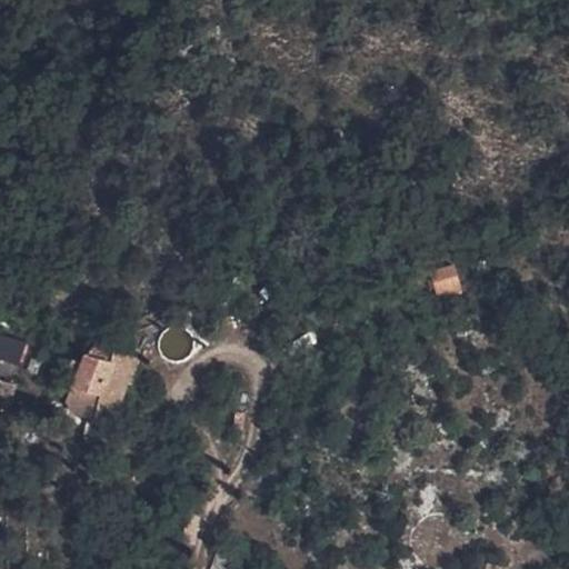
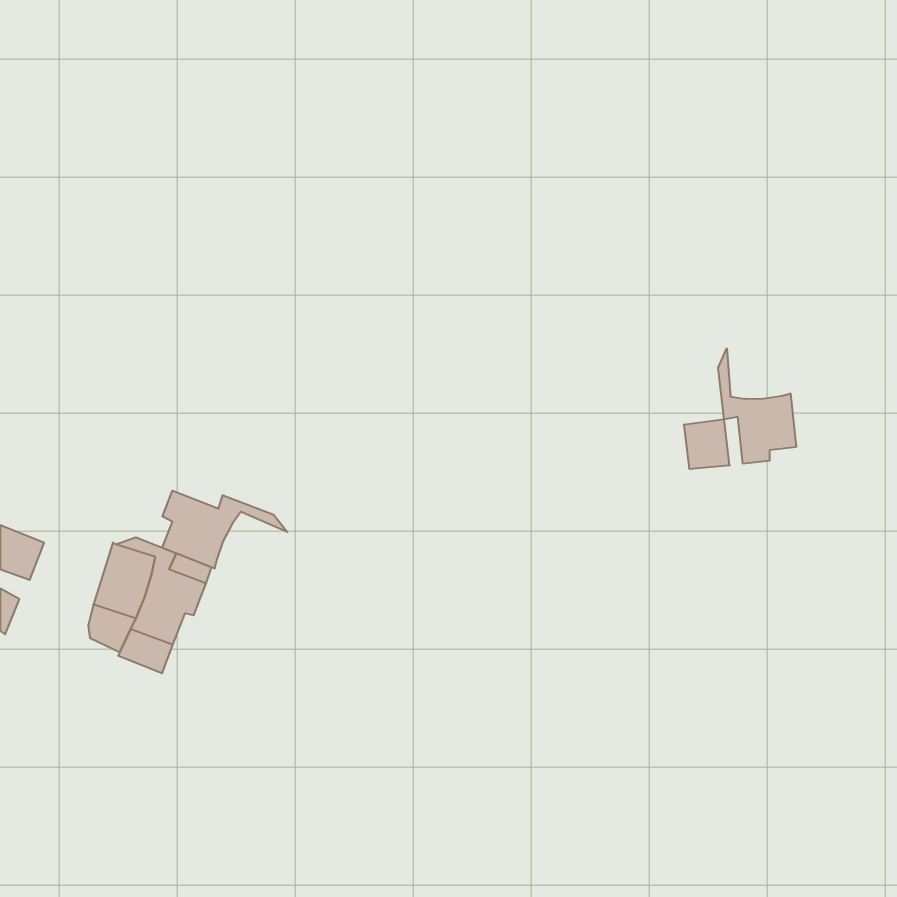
building: none -> [718,348,796,464]
building: none -> [162,491,287,569]

